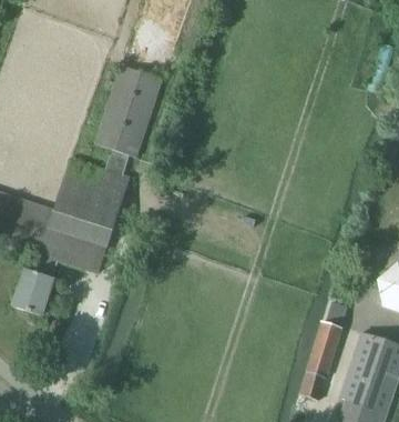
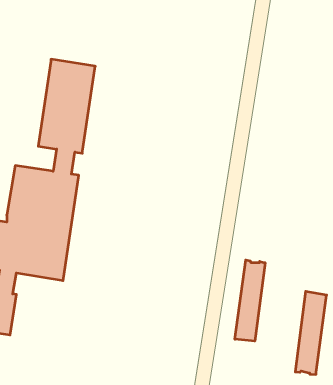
building: none -> [235,260,265,341]

